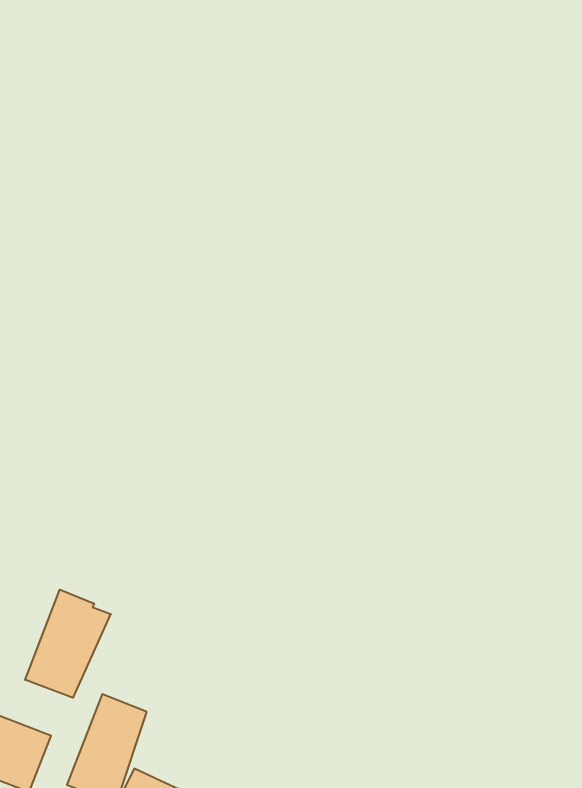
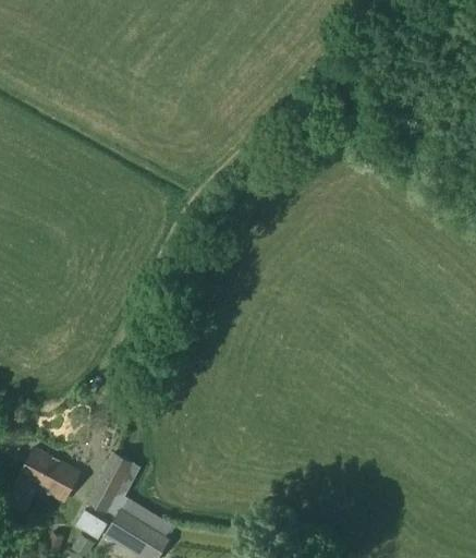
building: [25,590,111,698] -> none

